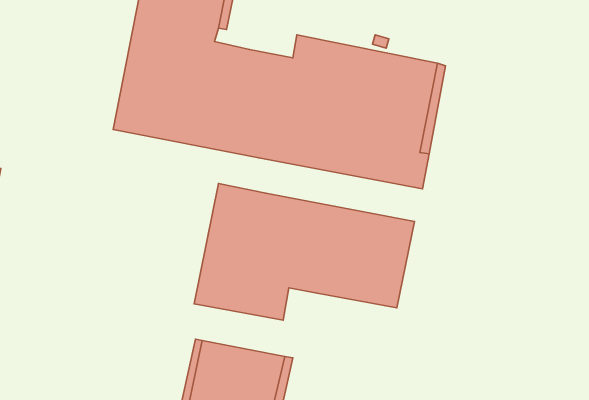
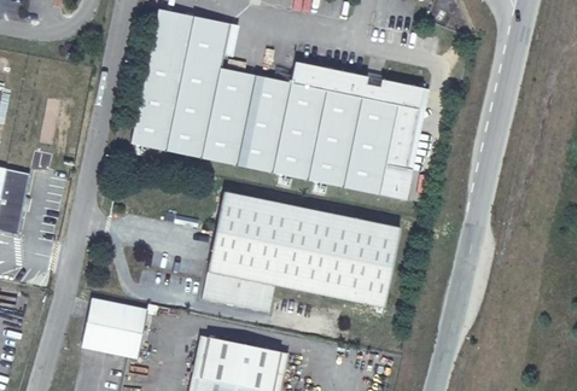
building: none -> [82,298,150,358]

